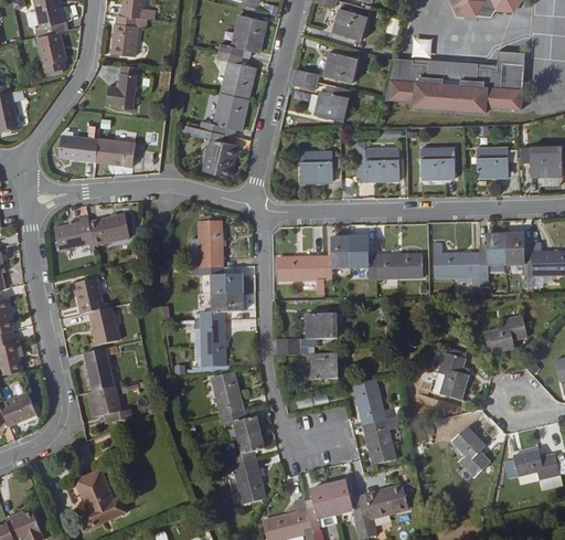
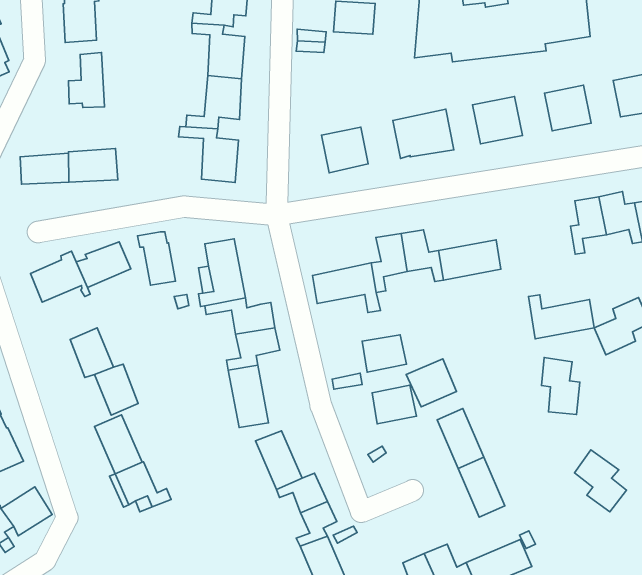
building: [313,86,350,121] -> none
building: none -> [138,232,176,285]
building: [433,243,479,276] -> [528,295,594,339]
building: none -> [406,359,456,407]

